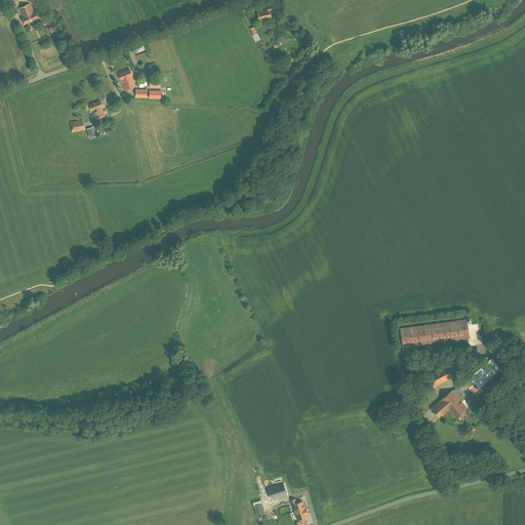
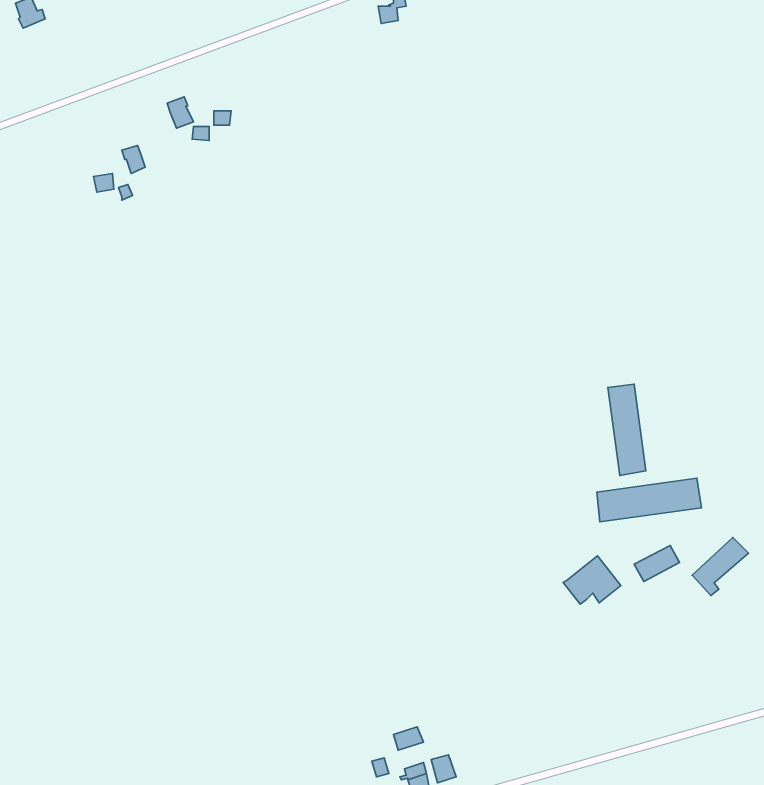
building: none -> [608,384,646,475]
building: [430,388,468,419] -> [563,556,621,604]

